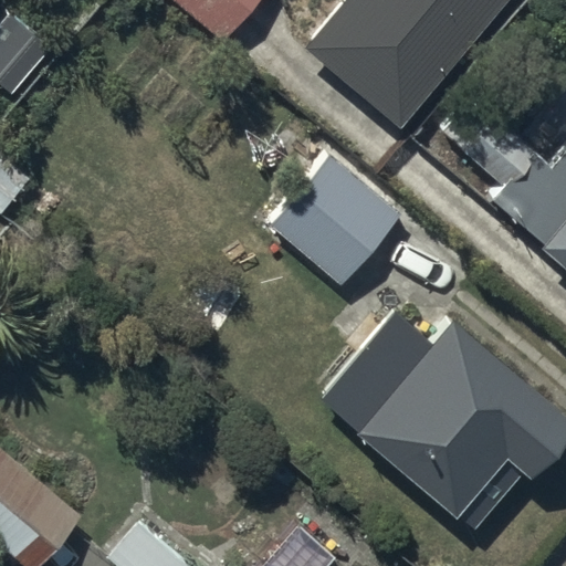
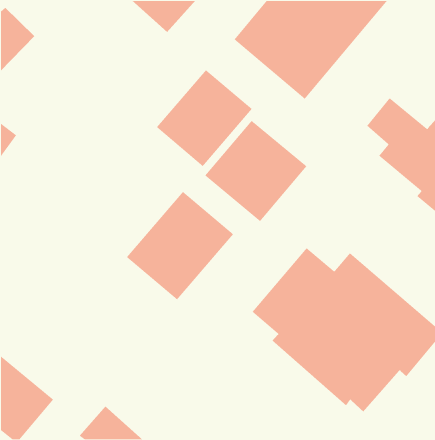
building: none -> [156,69,253,167]
building: none -> [126,191,234,301]

